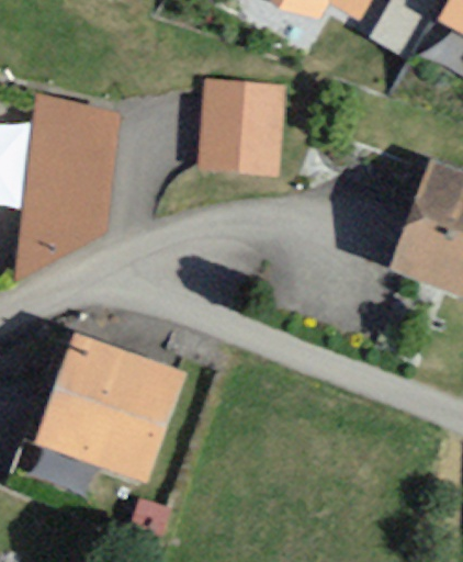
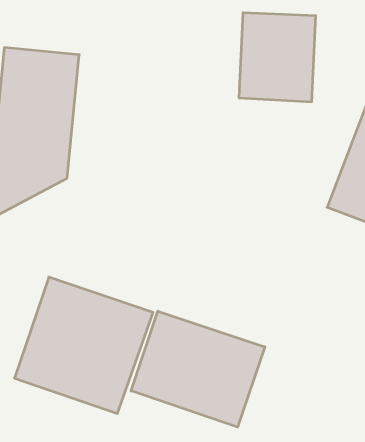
building: [192,75,275,171] -> [239,13,316,102]
building: none -> [131,311,265,427]

